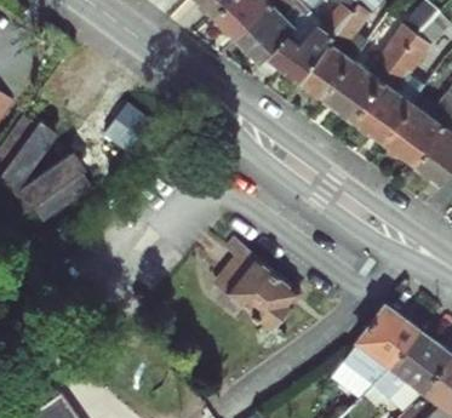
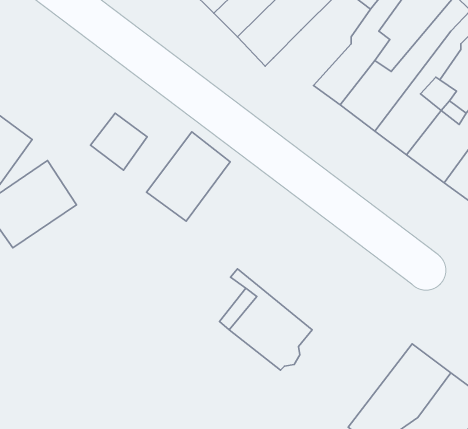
building: [265,25,333,81] -> none
building: none -> [147,132,230,221]

